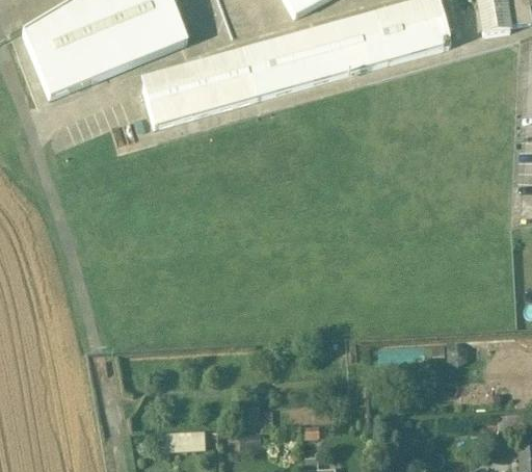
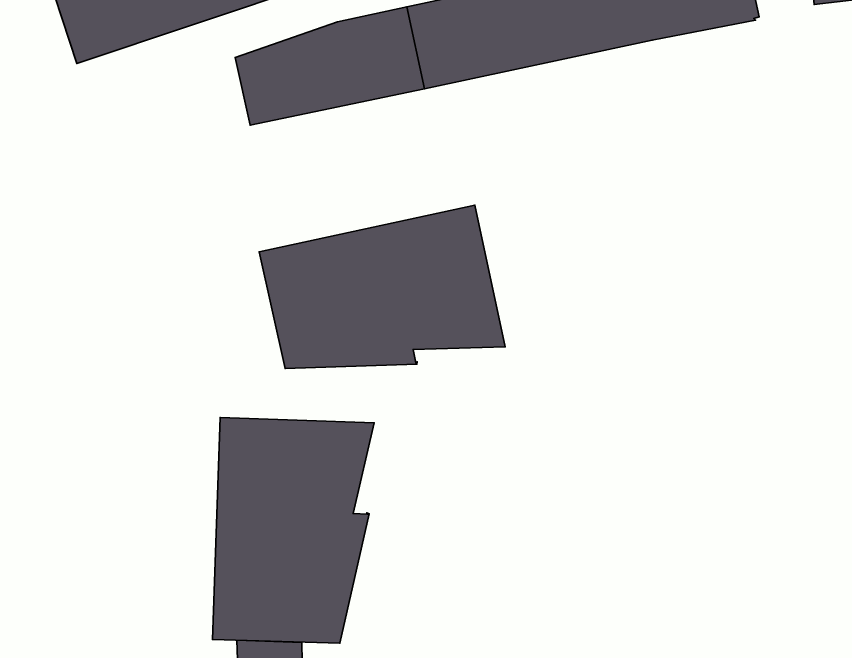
building: none -> [259,205,505,369]
building: none -> [212,417,374,643]

